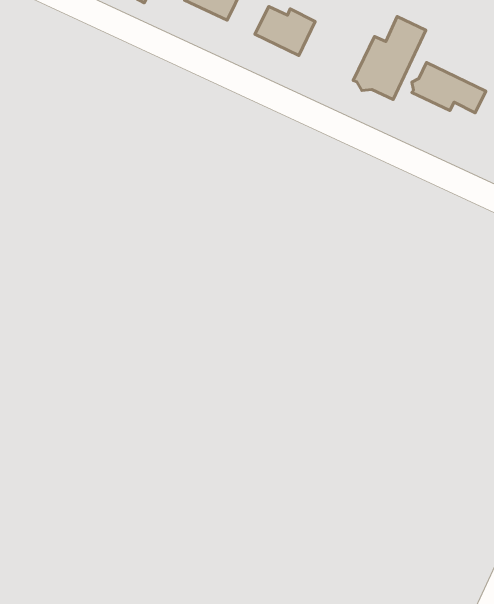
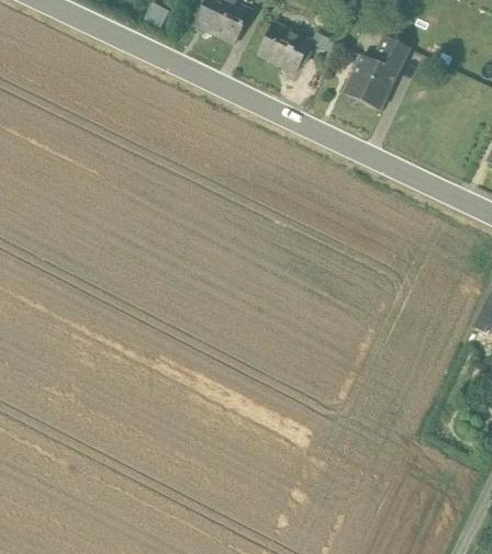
building: [412,63,486,113] -> none

